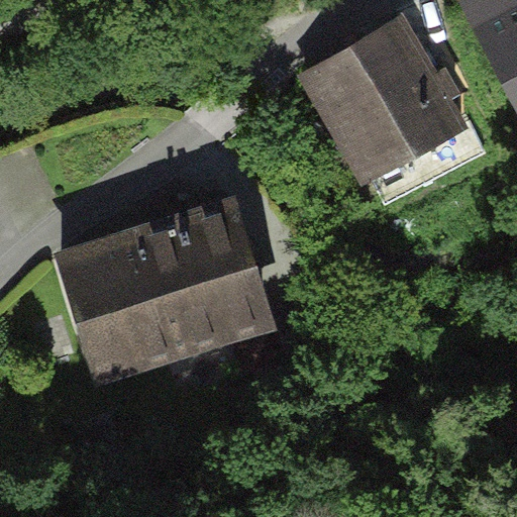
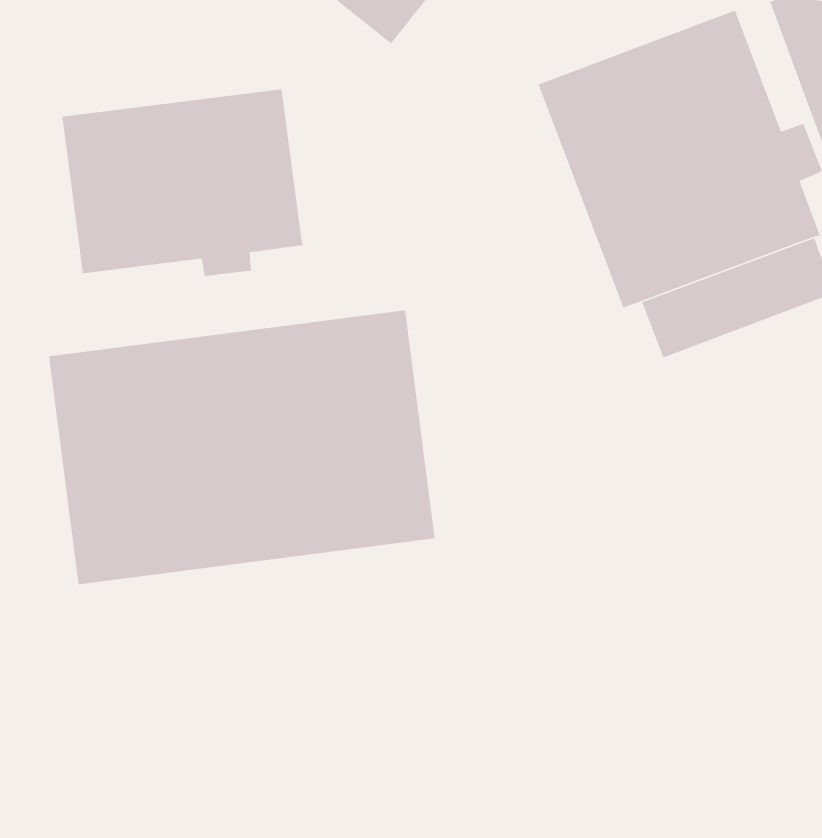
building: none -> [62,88,304,277]

